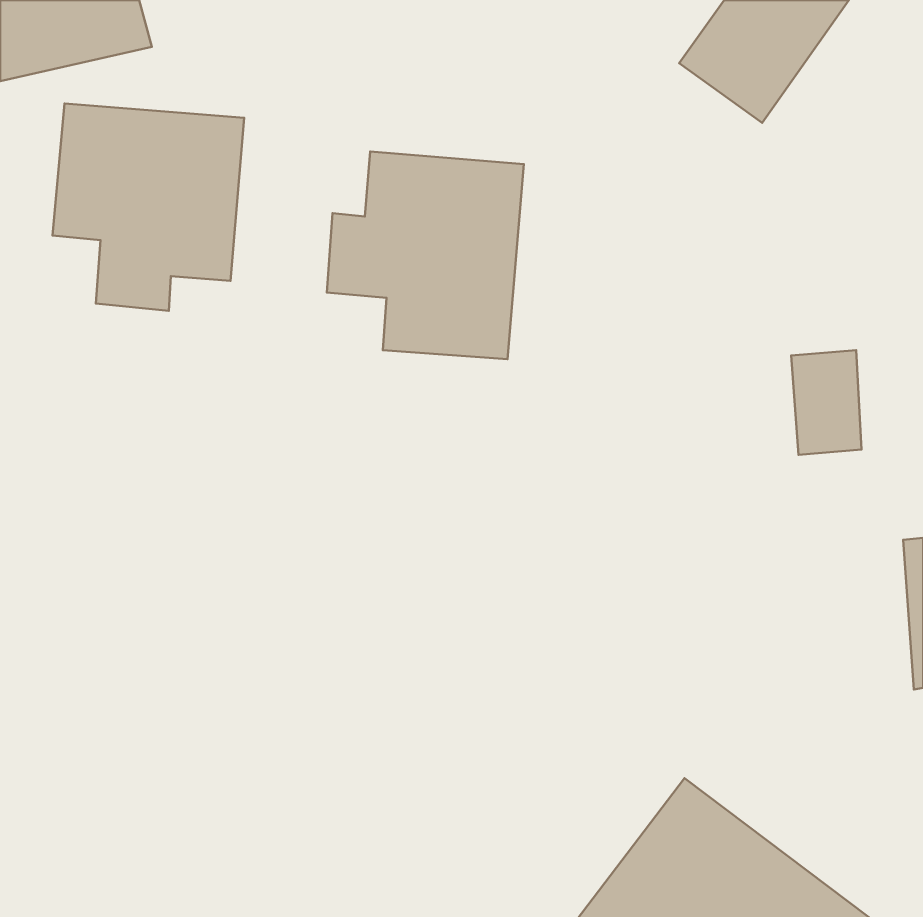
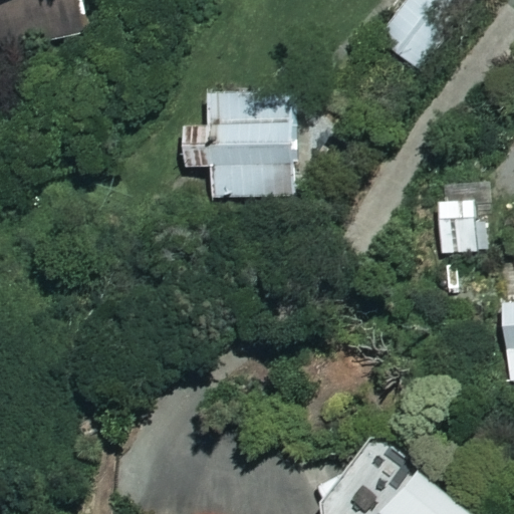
building: [53,103,244,311] -> none

